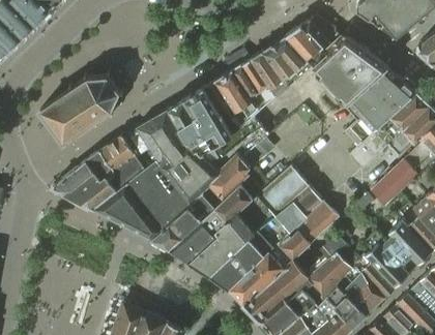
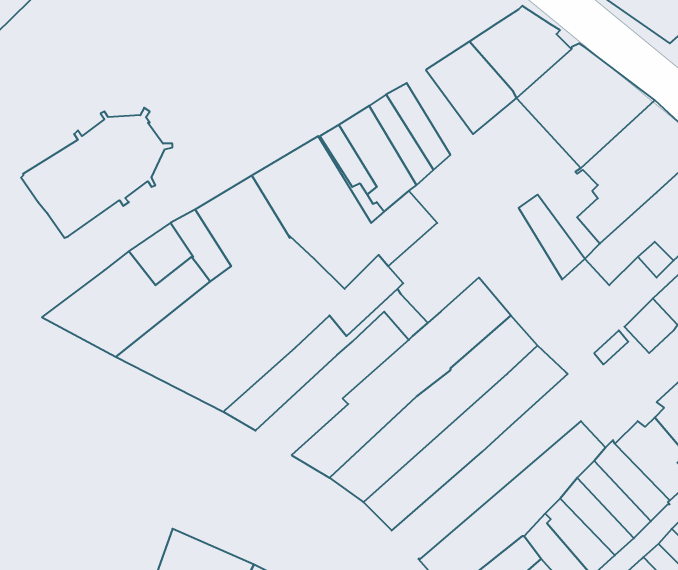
building: [252,52,288,98] -> [519,195,585,280]
building: [169,184,253,263] -> none
building: [243,235,347,319] -> none

